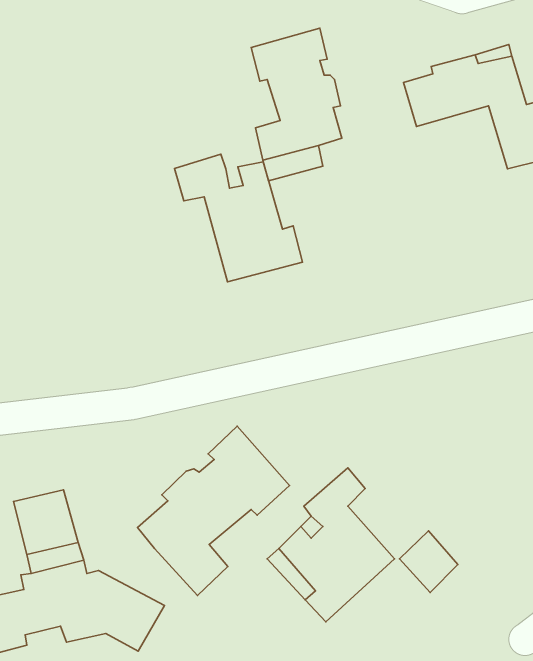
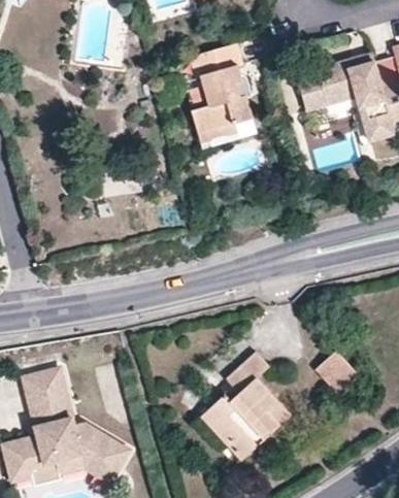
building: [174,154,302,282] -> none
building: [137,426,290,596] -> none
building: [399,531,458,592] -> [315,351,357,394]

